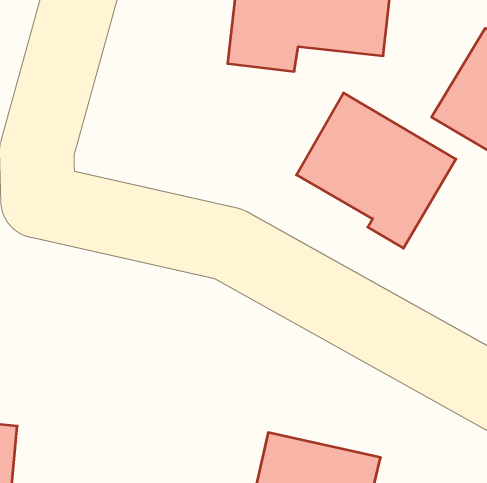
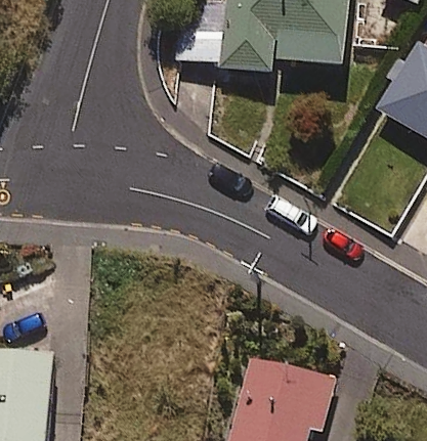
building: [296,93,456,248] -> none

